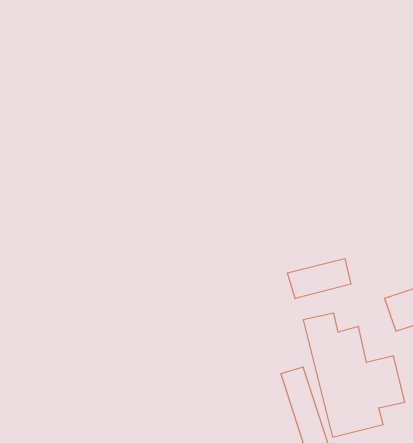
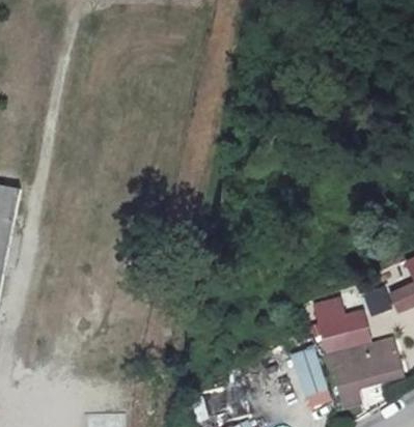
building: [287,259,351,299] -> none

